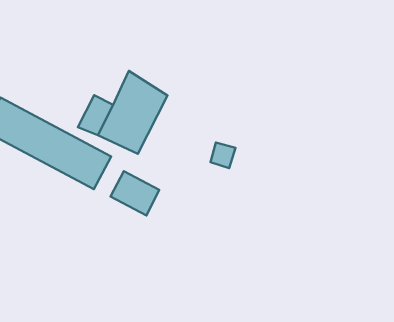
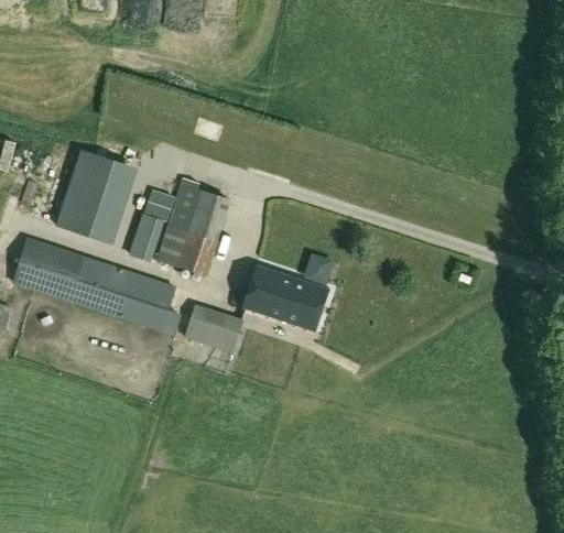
building: none -> [55,150,138,248]
building: none -> [142,188,174,222]
building: none -> [242,263,329,329]

